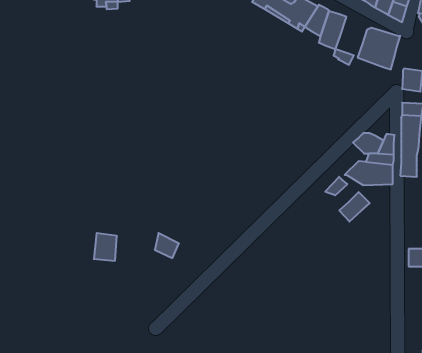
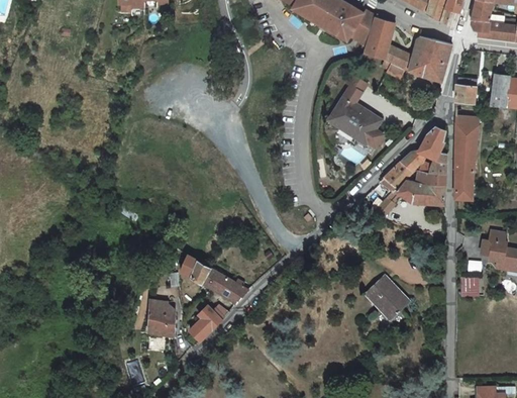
building: none -> [382,45,411,68]
building: none -> [327,73,381,147]
building: none -> [419,127,445,159]
building: [339,192,370,222] -> [380,161,413,193]
building: [94,233,117,261] -> [149,301,175,331]
building: none -> [204,271,249,302]
building: none -> [368,277,406,316]
building: none -> [190,305,225,342]

